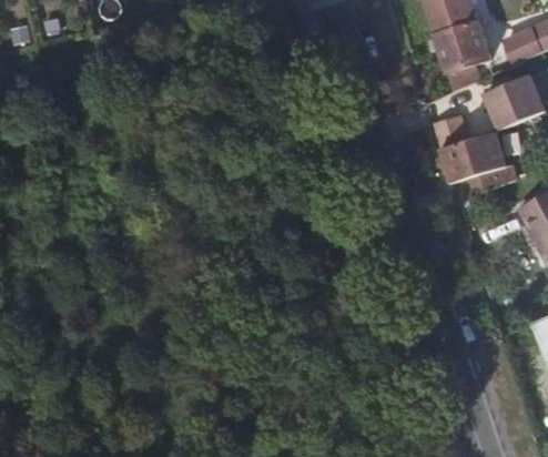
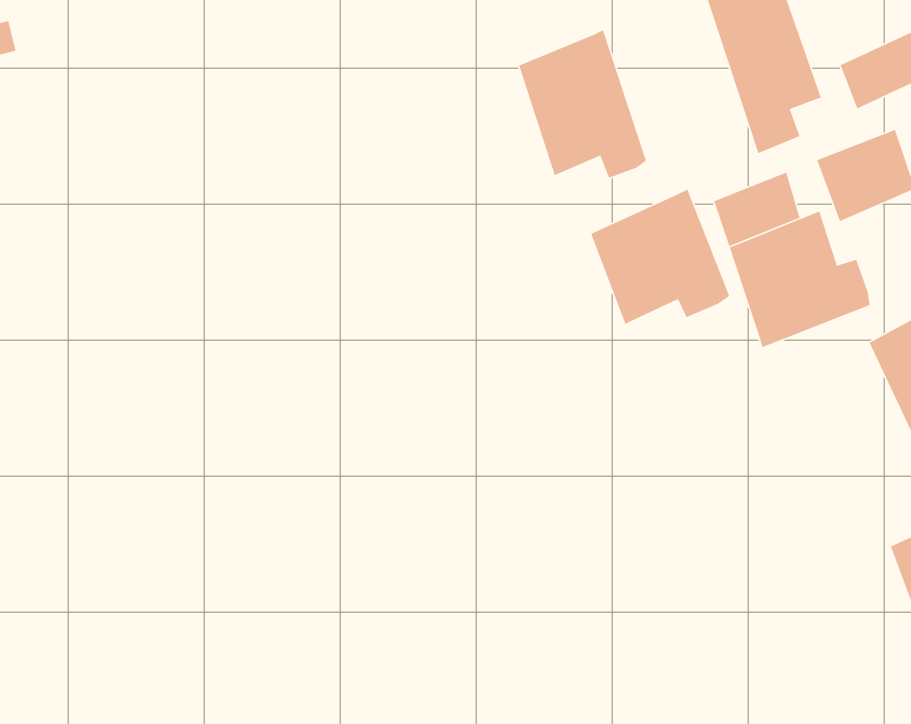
building: none -> [518,29,647,179]
building: none -> [590,188,730,325]

